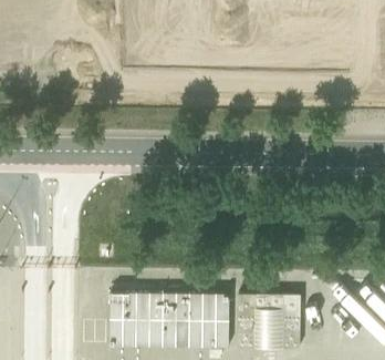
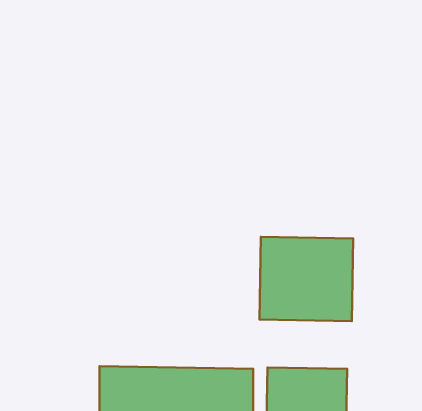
building: none -> [259,237,353,321]

